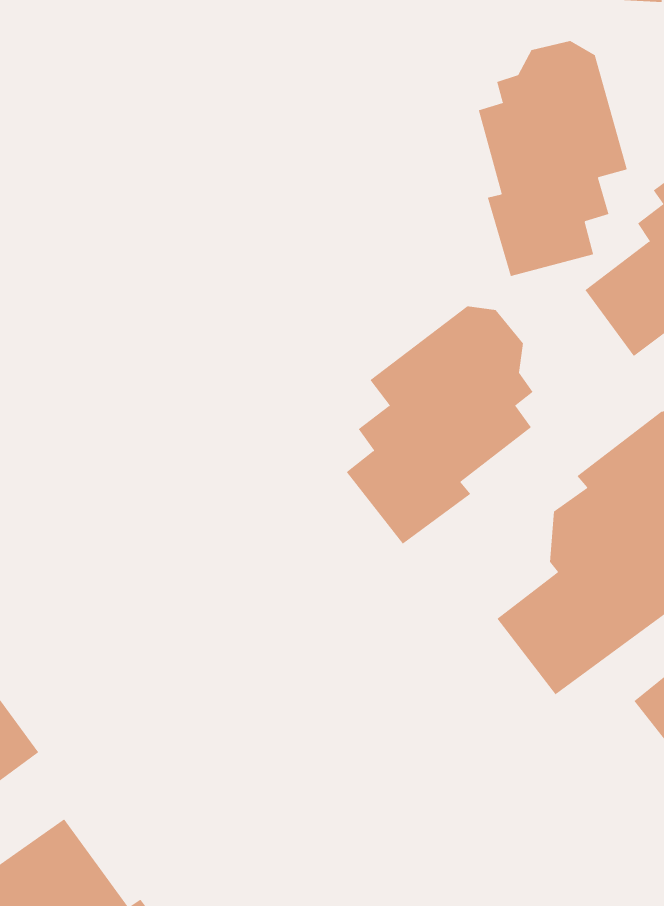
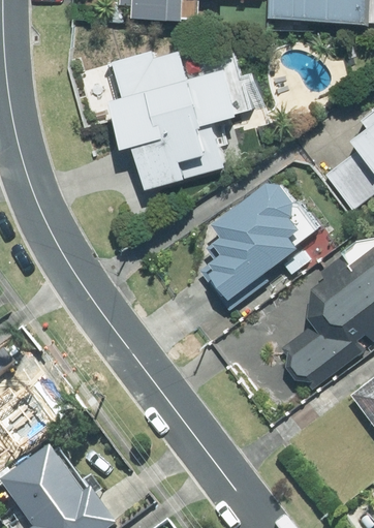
building: [478,40,628,277] -> none
building: none -> [110,51,237,190]

